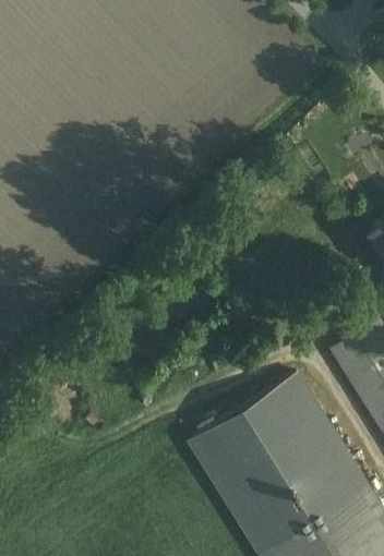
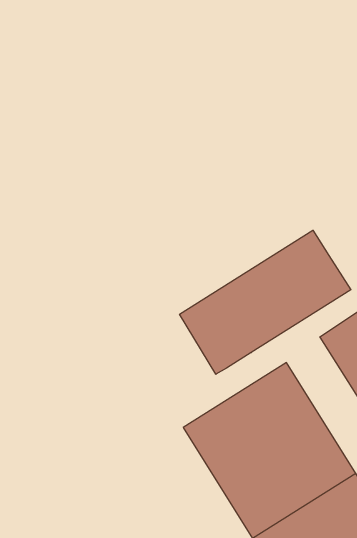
building: none -> [180,230,351,374]

